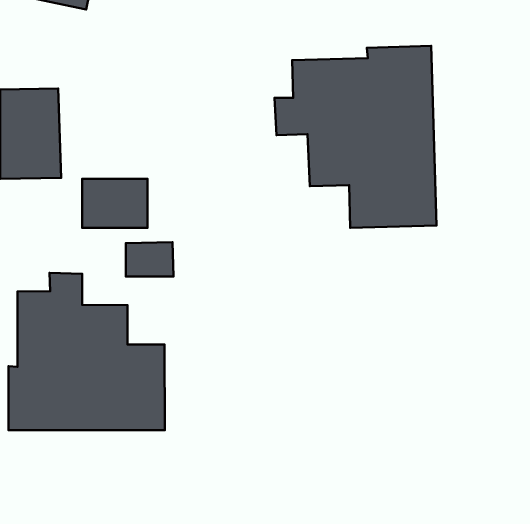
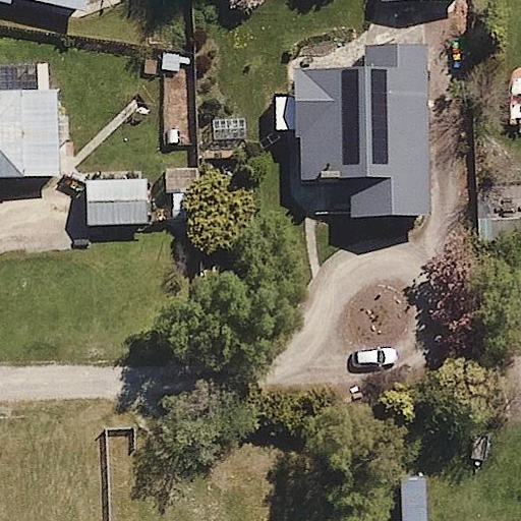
building: [8,273,165,430] -> none

